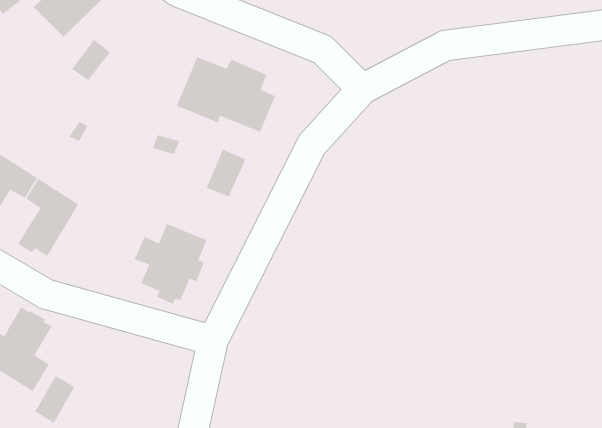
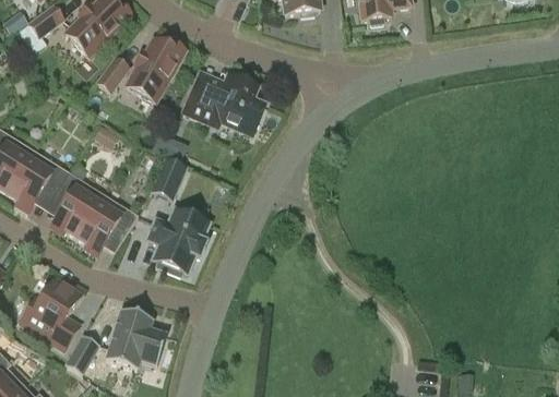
building: none -> [124,37,185,103]
building: [205,149,246,198] -> [151,158,185,198]
building: none -> [75,194,136,255]
building: none -> [105,310,166,370]

